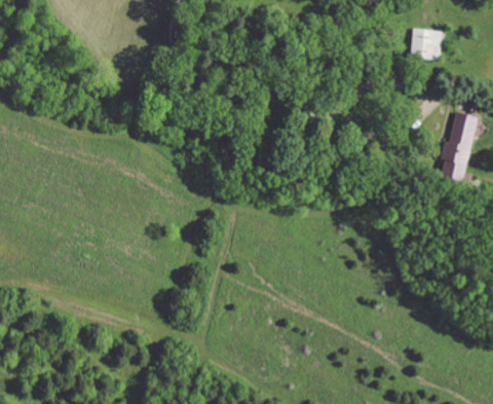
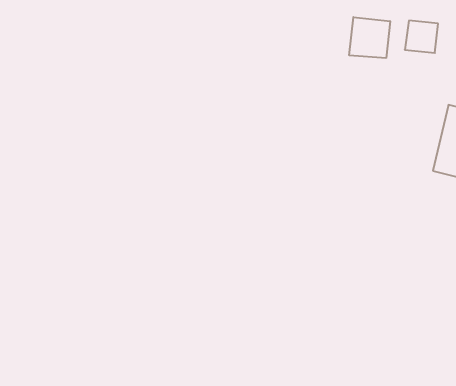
building: none -> [349,17,390,58]

